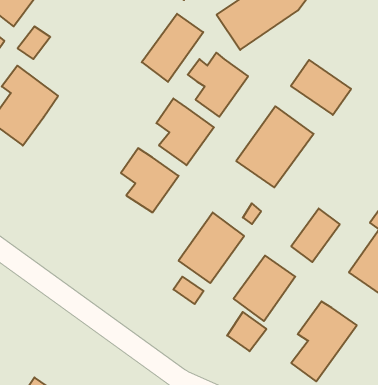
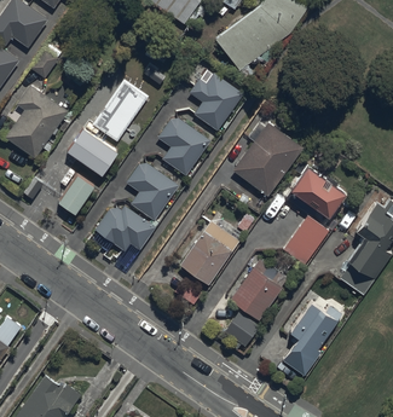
building: [142,14,203,82] -> [93,80,150,143]
building: [291,60,351,115] -> [290,167,346,218]
building: none -> [67,127,117,175]
building: none -> [56,173,93,214]
building: none -> [94,205,156,253]

